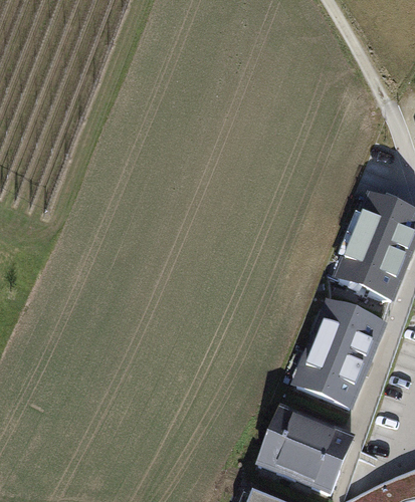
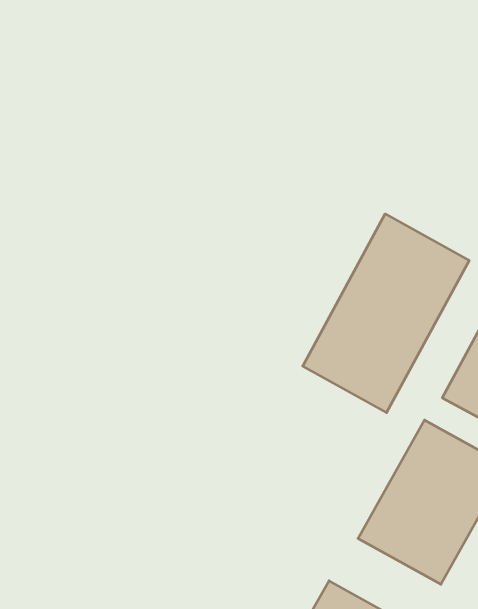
building: none -> [303,214,469,413]

